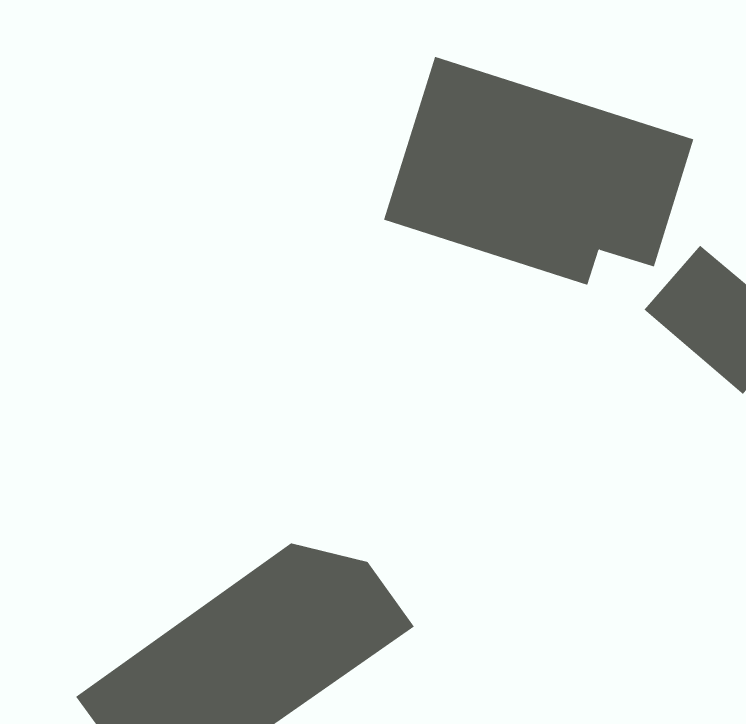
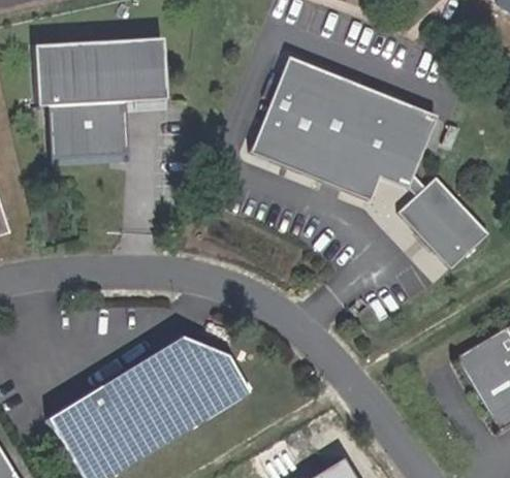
building: none -> [33,38,165,160]

